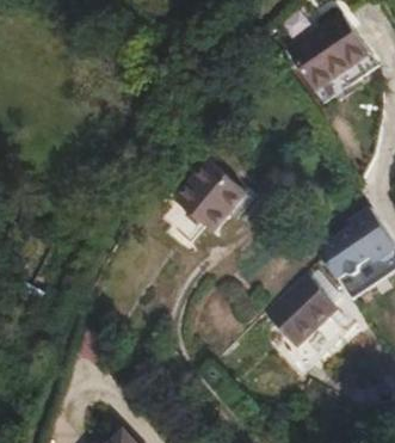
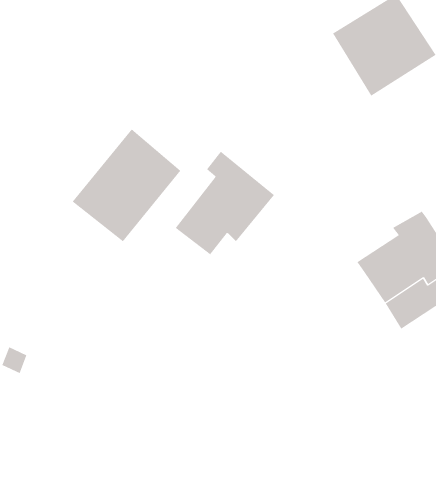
building: none -> [72,128,181,242]
building: [267,275,346,373] -> none

